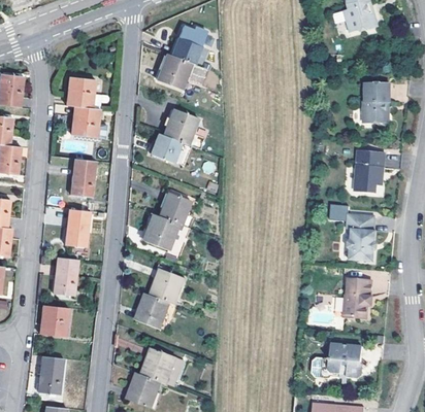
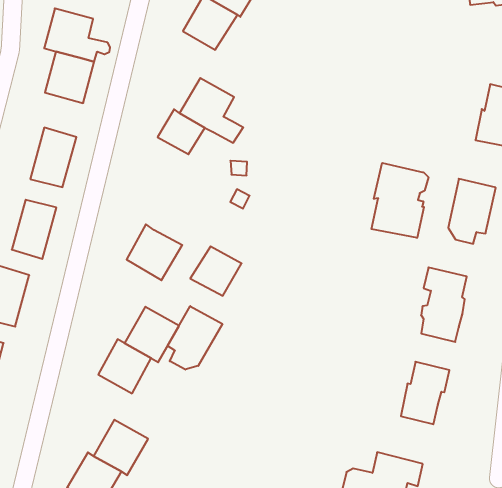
building: none -> [371,163,428,238]
building: [159,193,192,225] -> [190,246,242,296]
building: none -> [168,306,222,370]

